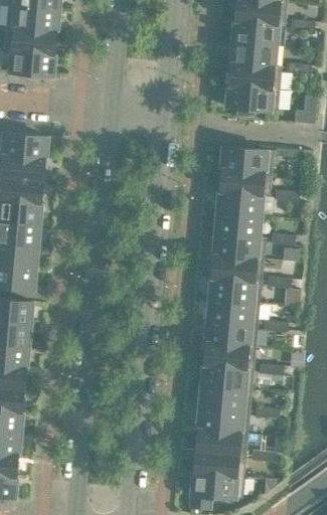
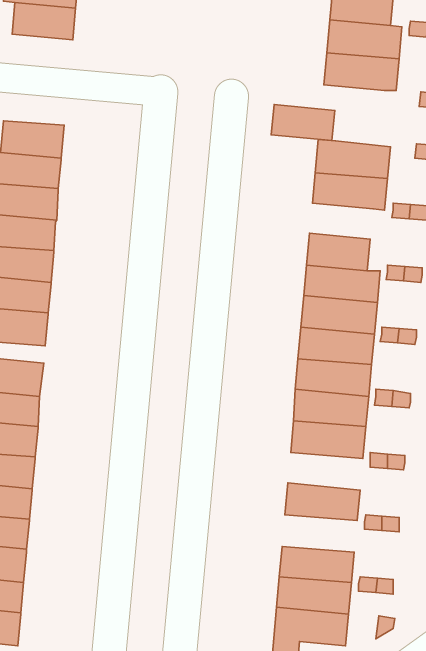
building: [216,190,261,215] -> [271,105,335,141]
building: [201,364,254,390] -> none
building: [197,407,250,434] -> none

